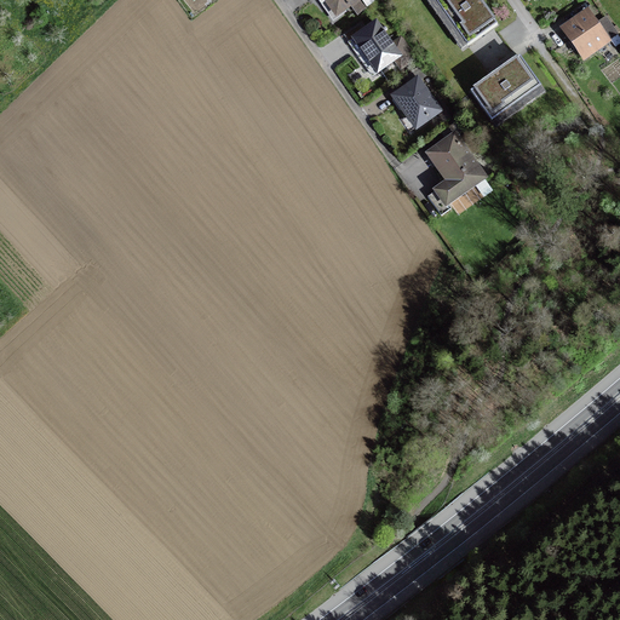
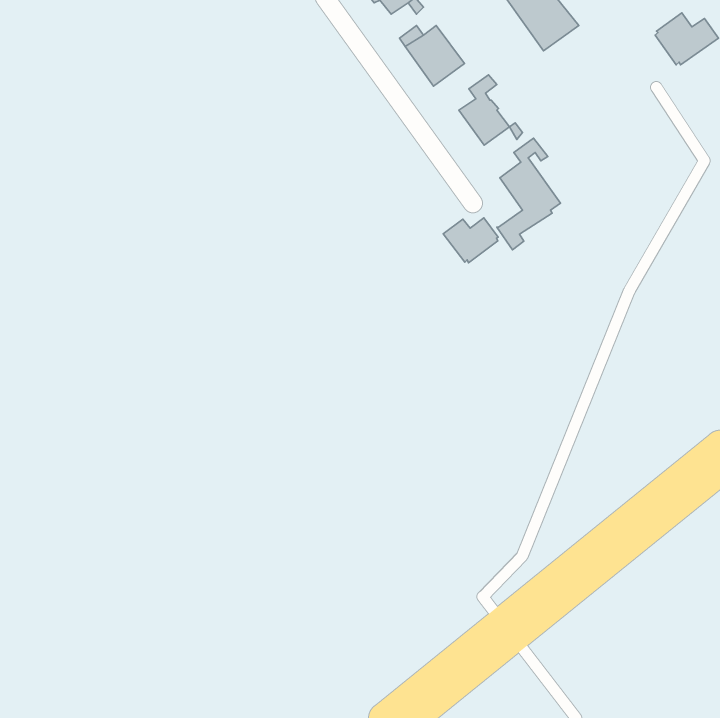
building: [469,54,540,119] -> none
building: none -> [443,218,498,263]

